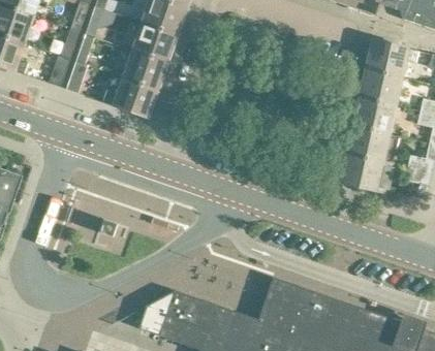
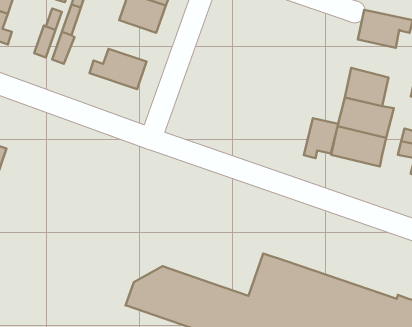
building: [122,51,168,91] -> none
building: [359,69,402,106] -> none
building: none -> [304,118,338,158]

